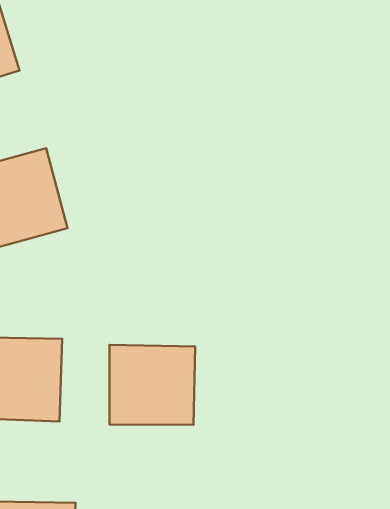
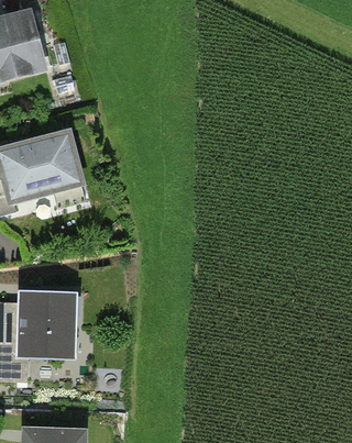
building: [109,345,195,425] -> none

